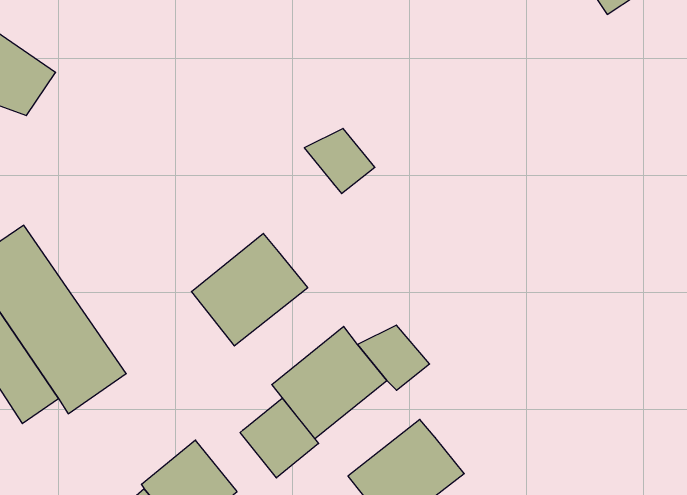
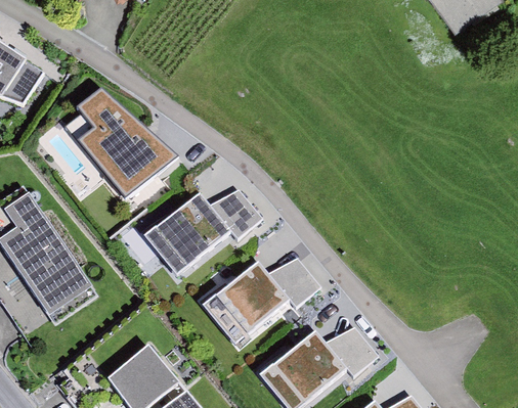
building: none -> [66,90,178,196]
building: [304,128,375,194] -> [210,191,262,239]
building: [240,398,319,478] -> none
building: none -> [326,327,378,376]

